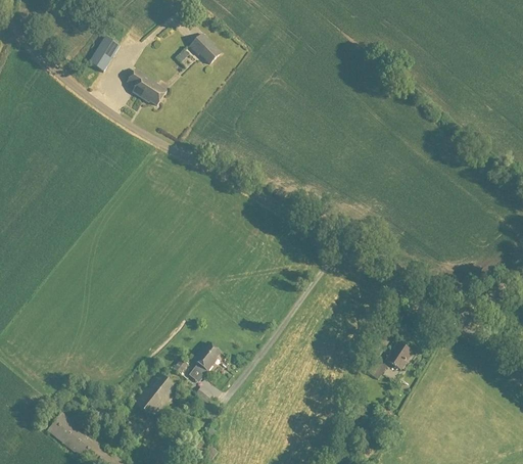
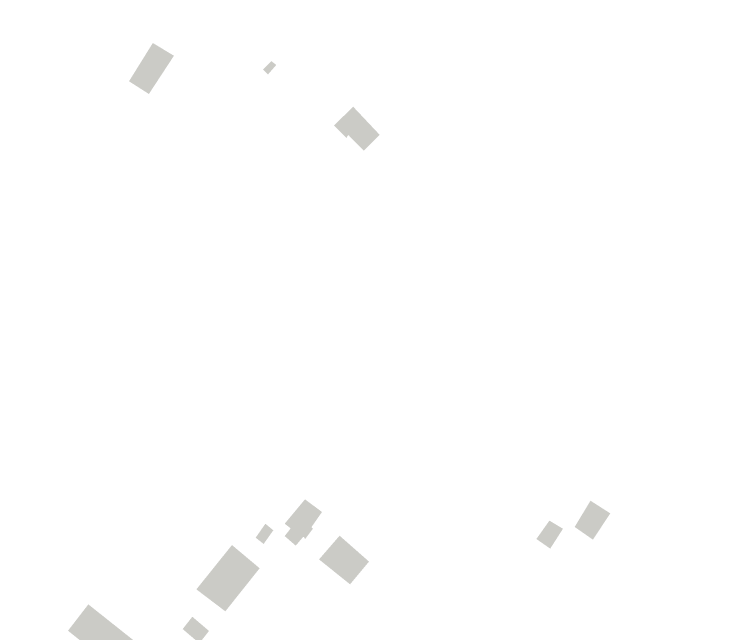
building: [188,33,220,63] -> [333,106,381,152]
building: [127,69,165,105] -> none
building: none -> [318,534,370,586]

